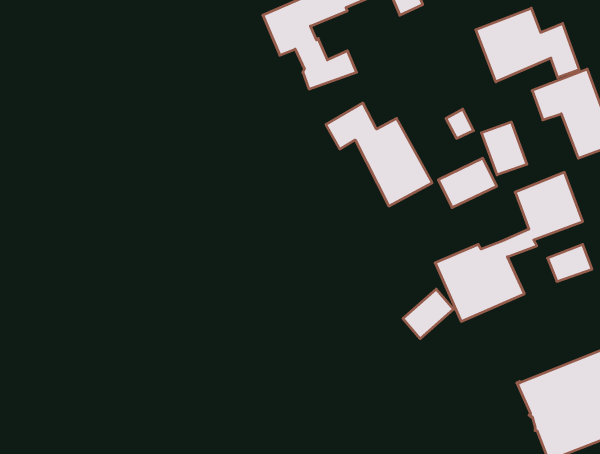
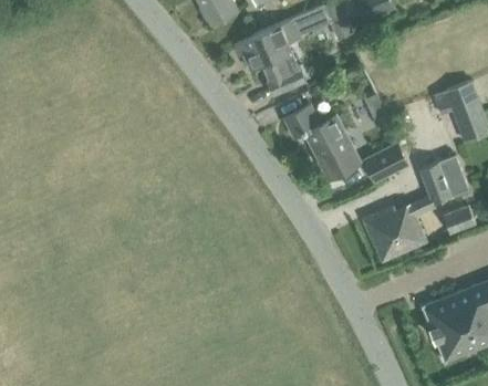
building: [476,8,579,82] -> none
building: [481,122,527,175] -> none
building: [403,289,454,339] -> none

